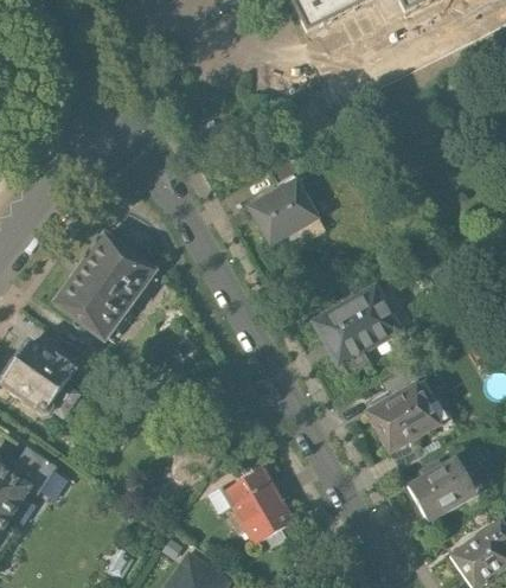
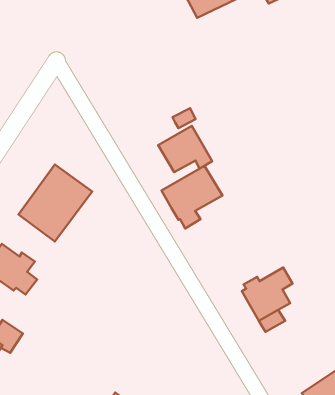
building: [315,285,401,372] -> [161,166,222,228]
building: [409,454,487,518] -> none
building: [224,467,293,543] -> none

